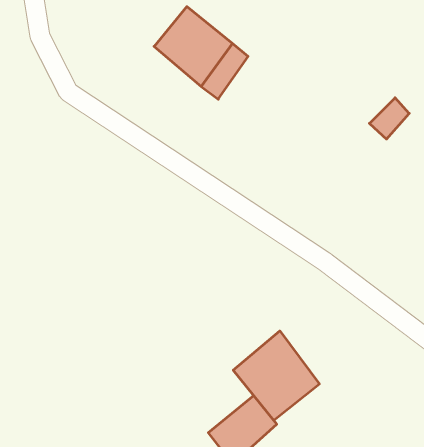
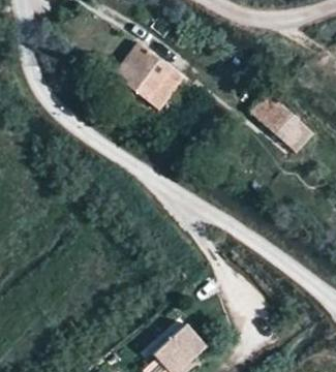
building: [233,331,319,420] -> none

